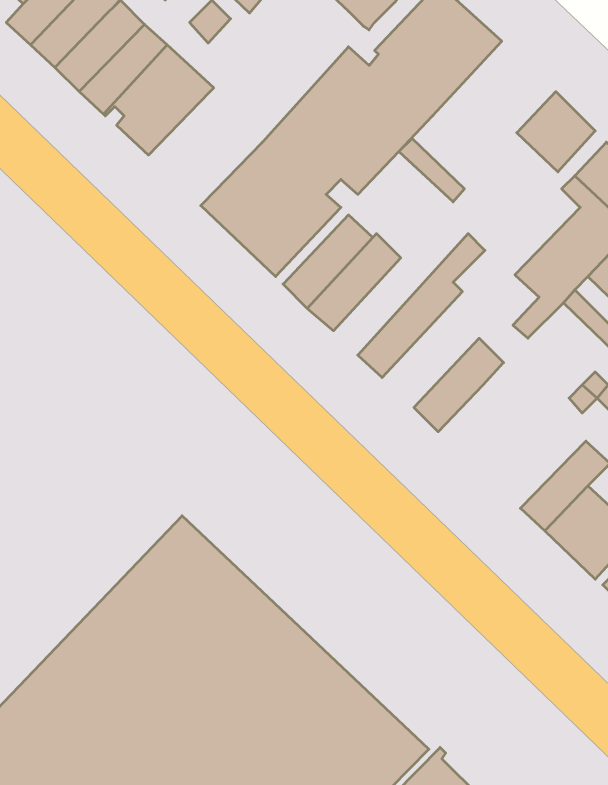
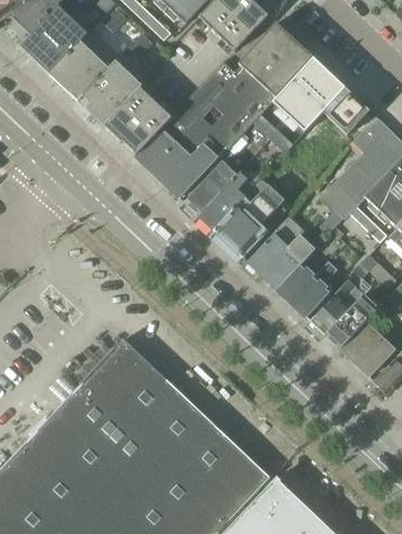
building: none -> [272,59,346,133]
building: none -> [104,89,172,155]
building: none -> [214,171,293,245]
building: none -> [247,217,303,276]
building: none -> [276,261,337,318]
building: none -> [310,281,363,336]

